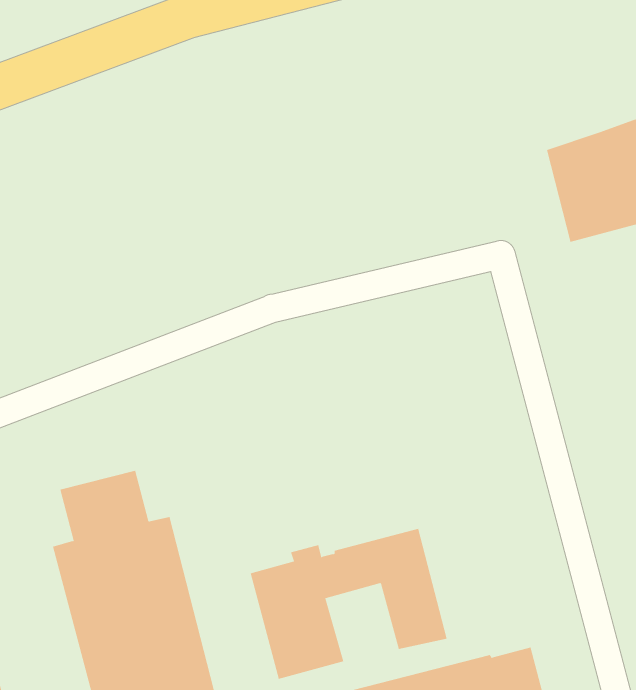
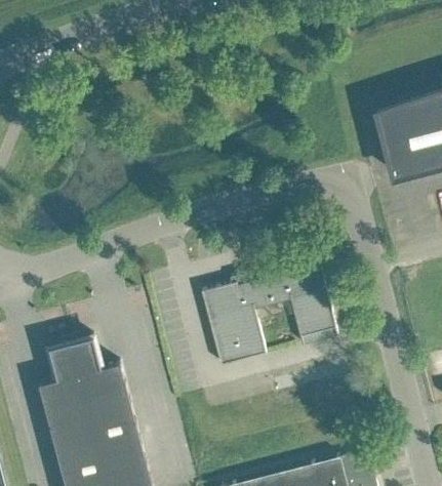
building: [250,528,447,679] -> [201,262,336,366]

